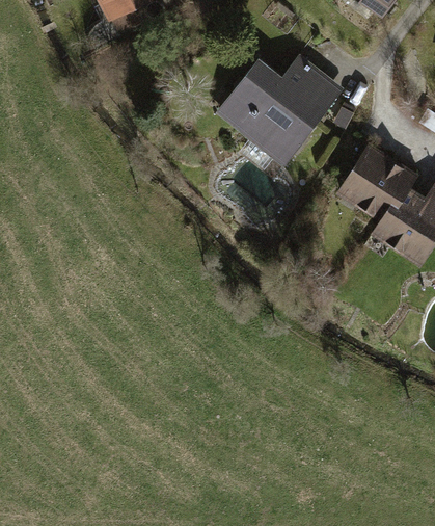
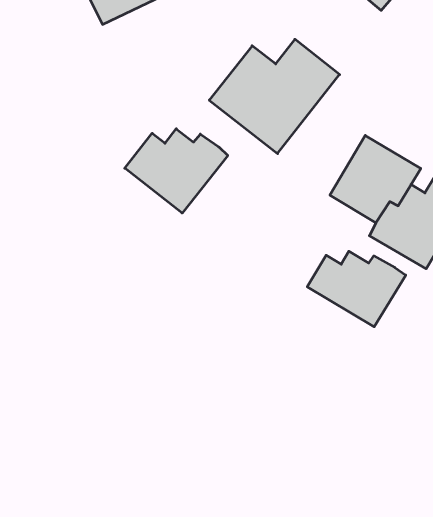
building: none -> [125,129,228,213]
building: none -> [307,251,406,327]

